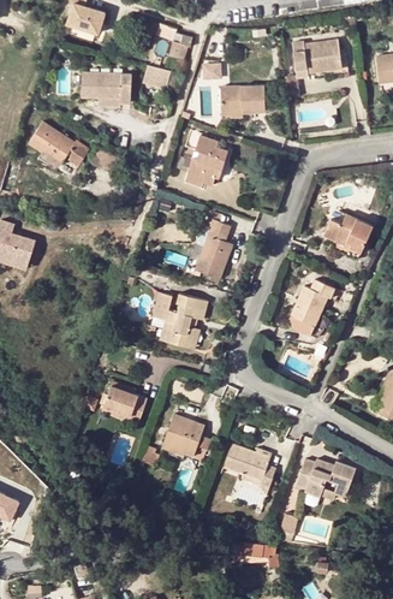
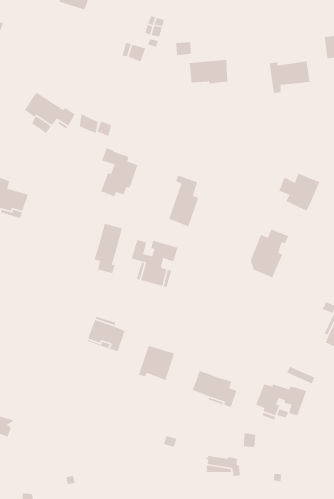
building: [293,41,341,79] -> [269,61,310,94]
building: [82,67,132,101] -> none
building: [184,130,228,188] -> [100,147,138,197]
building: none -> [94,223,123,274]

